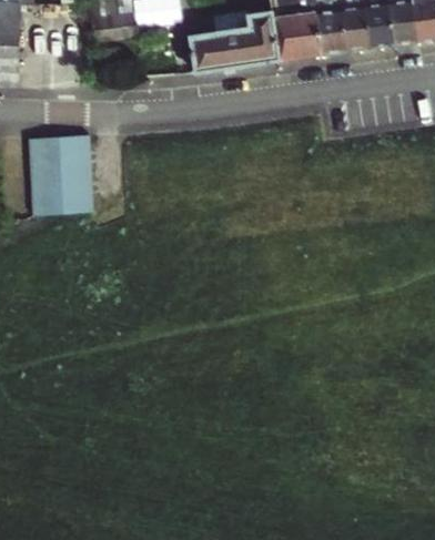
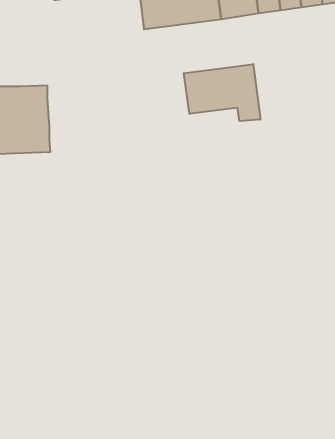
building: none -> [184,64,260,121]

